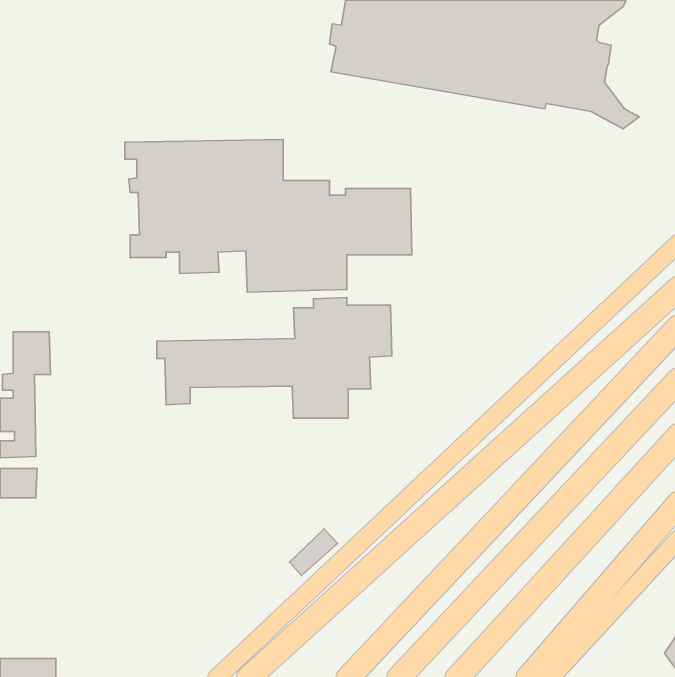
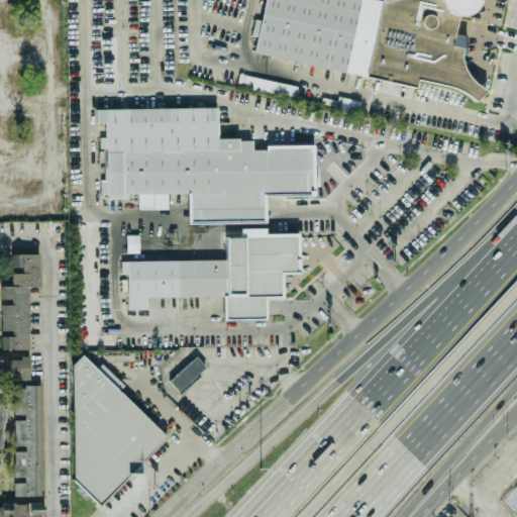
building: none -> [73,354,168,505]
building: none -> [15,385,43,496]
building: [290,529,337,575] -> [171,355,207,391]

